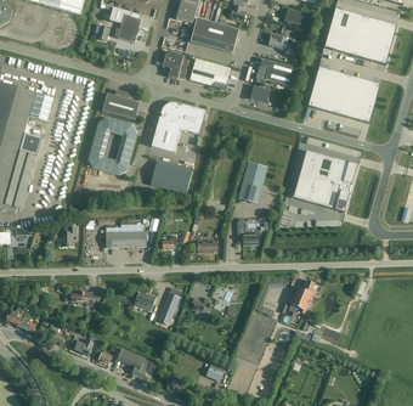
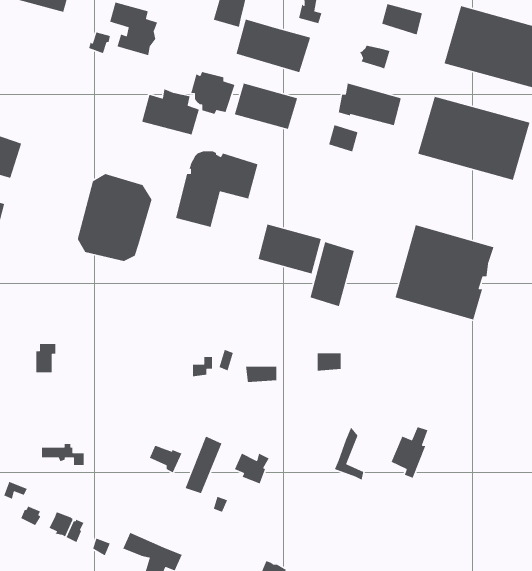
building: [102,89,140,119] -> [141,88,200,135]
building: [151,160,192,193] -> [257,224,322,275]
building: [106,218,146,247] -> none

